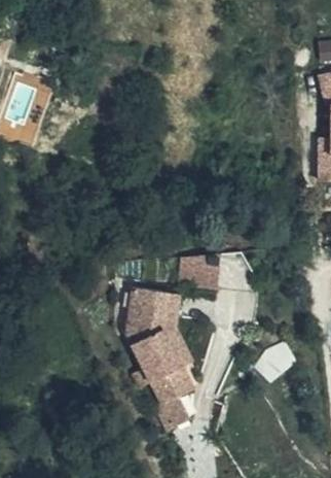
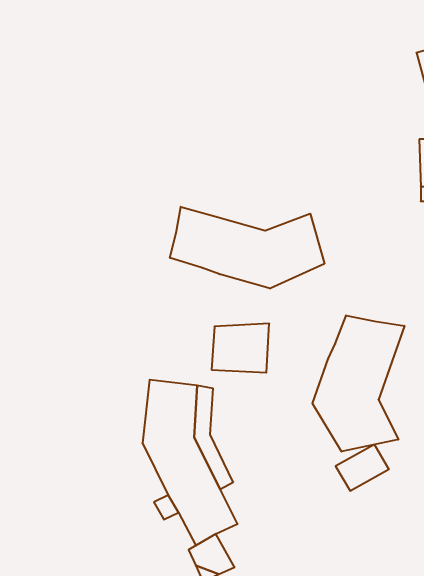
building: none -> [170,207,324,289]
building: none -> [313,315,404,452]

